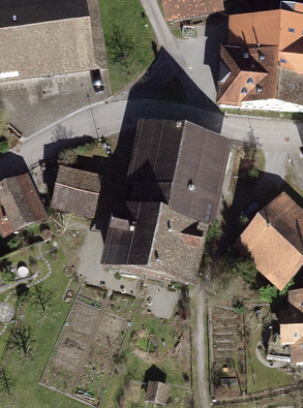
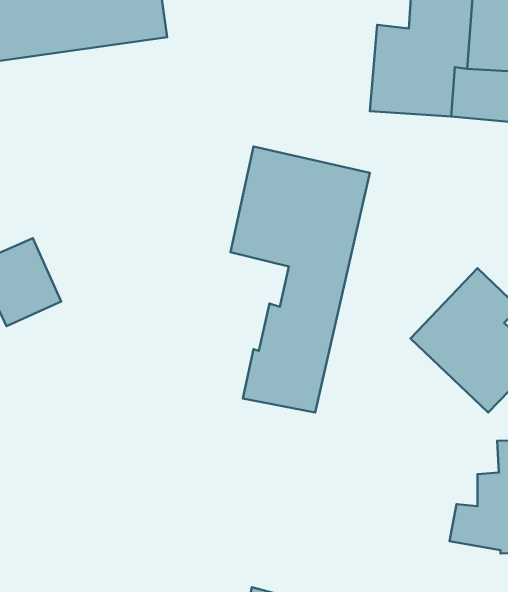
building: [53,168,99,212] -> none
building: [111,185,173,271] -> none

